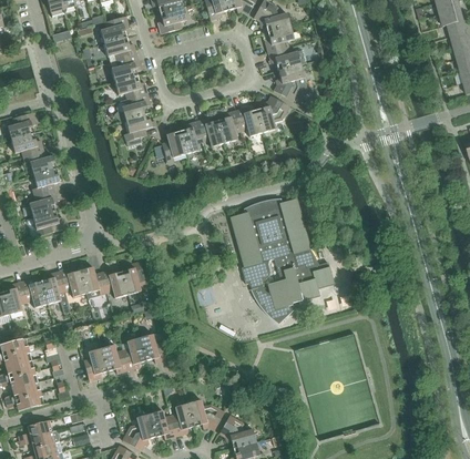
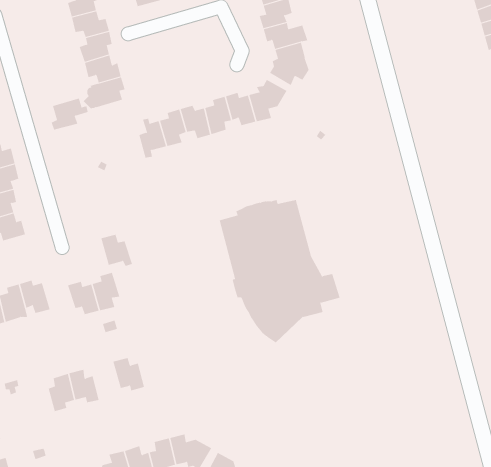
building: [123,113,155,141] -> [51,98,88,130]
building: [79,266,106,294] -> [101,234,133,267]
building: [122,337,145,370] -> none

